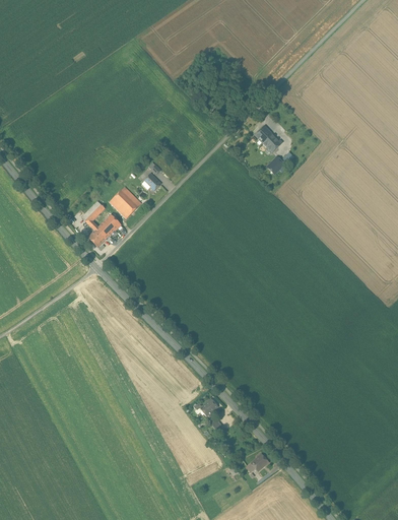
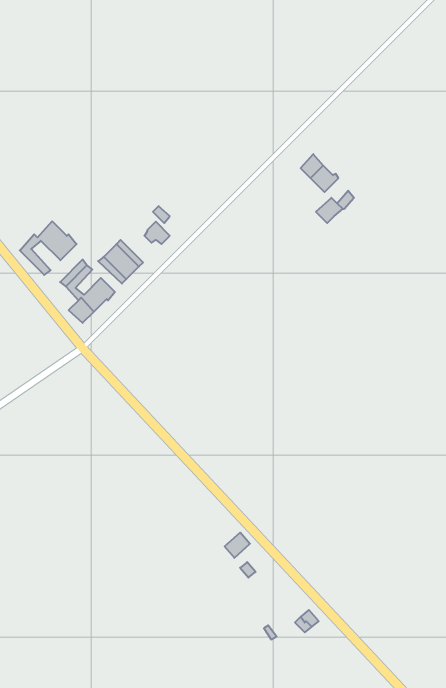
building: none -> [20,221,77,275]

